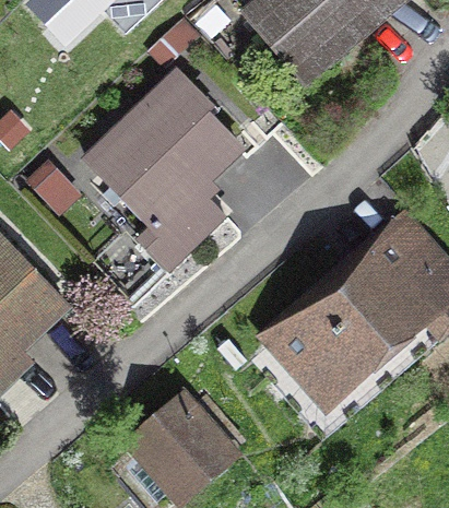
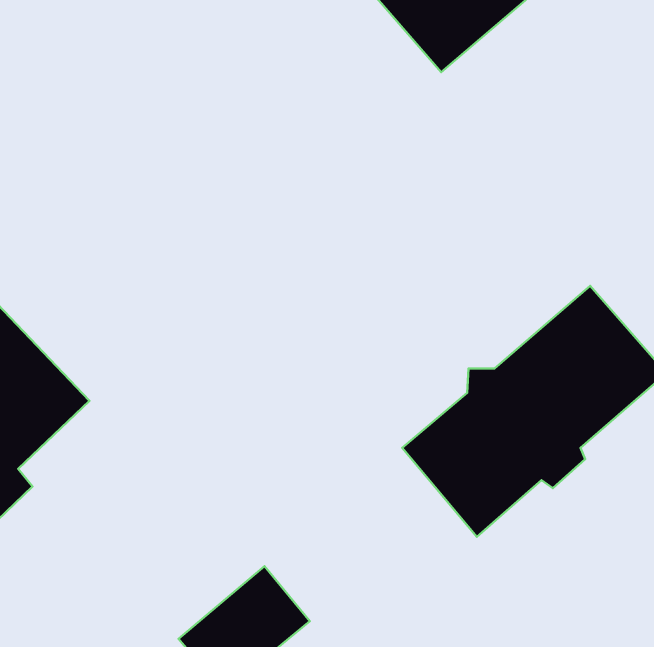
building: [88,74,238,273] -> none

